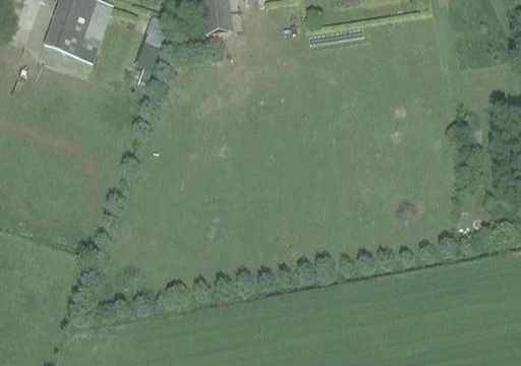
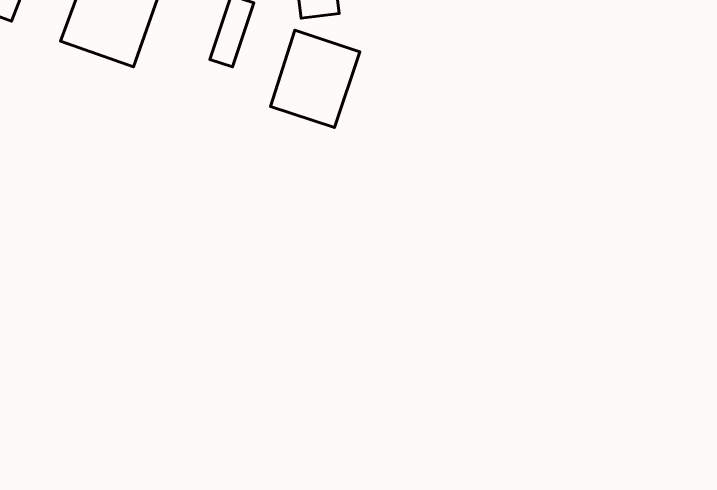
building: none -> [271,30,360,127]

